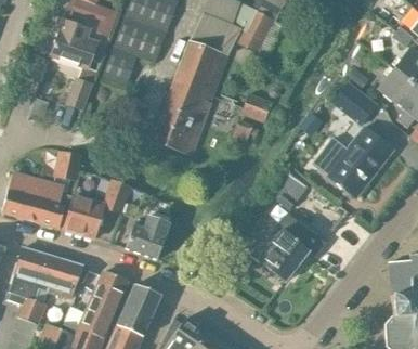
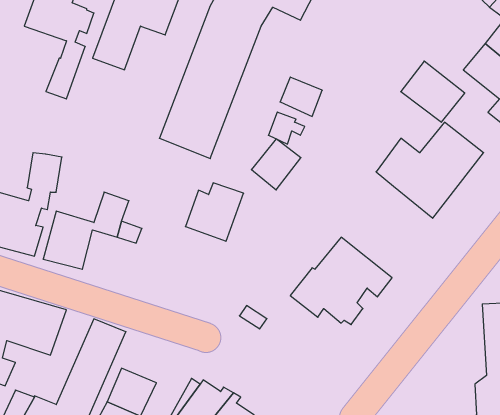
building: [272,172,309,210] -> [251,139,301,190]
building: [126,215,169,258] -> [185,183,244,241]
building: [123,284,160,321] -> none

